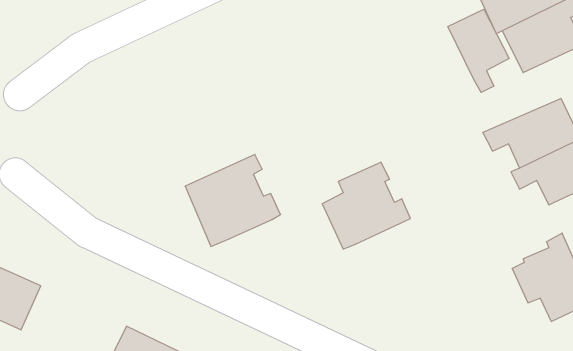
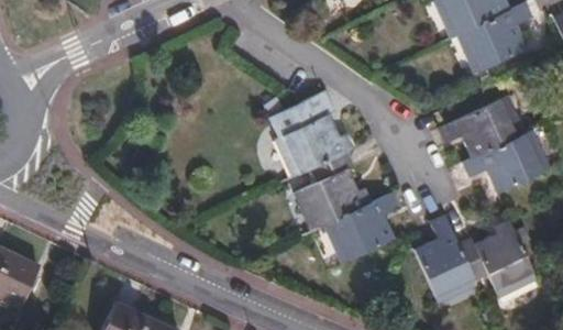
building: [448,9,509,92] -> none
building: [185,154,281,246] -> [268,96,354,178]
building: none -> [323,195,401,265]
building: none -> [416,212,479,301]

